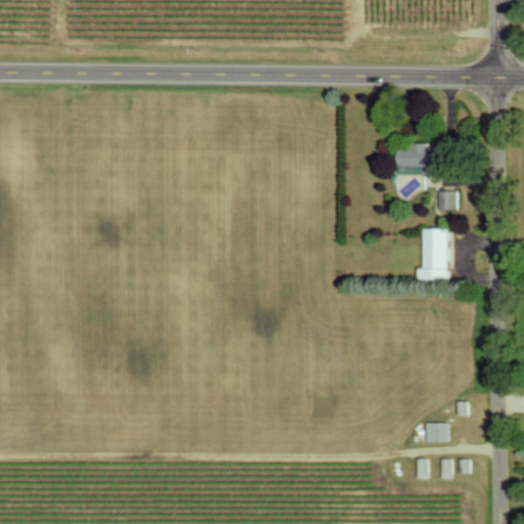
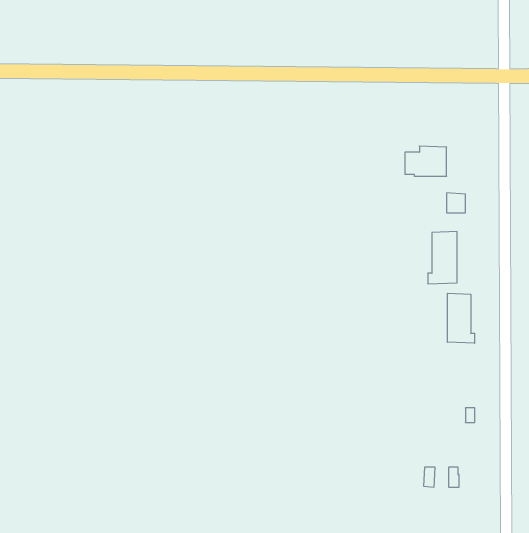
building: none -> [447,293,475,343]
building: [425,422,446,441] -> none

